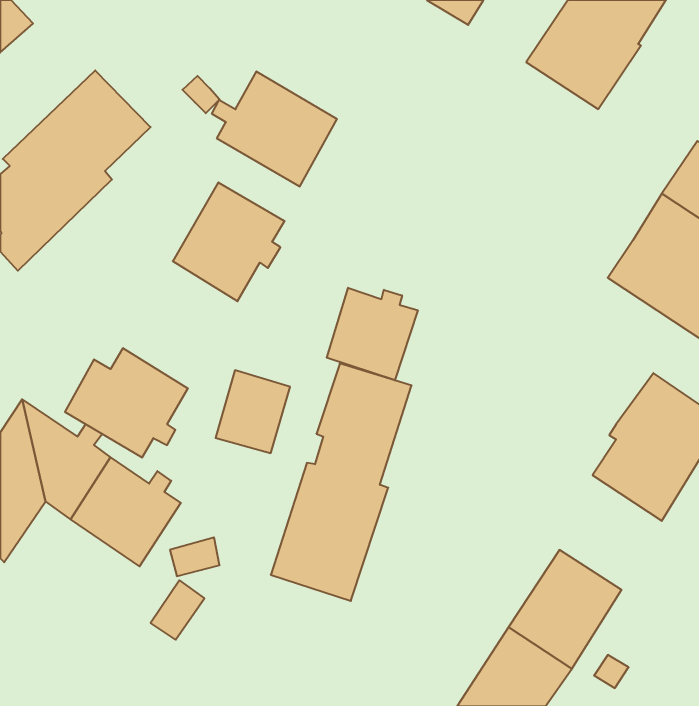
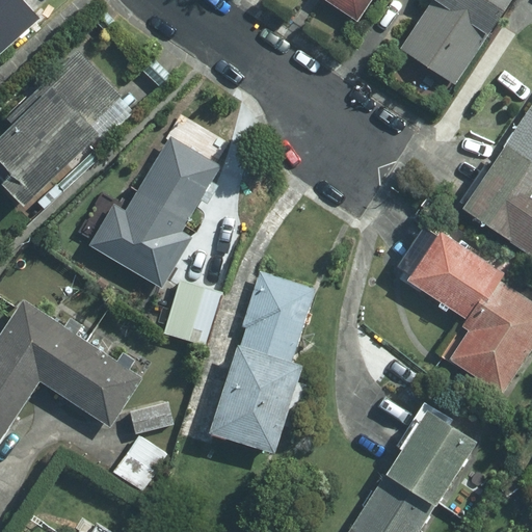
building: [212,71,337,187] -> none
building: [327,288,418,380] -> none
building: none -> [409,234,501,319]
building: [65,348,188,457] -> [91,196,184,278]

